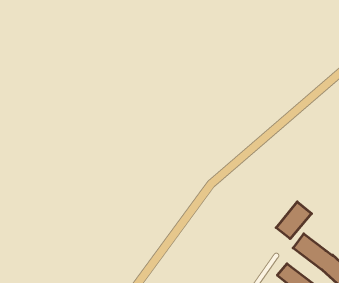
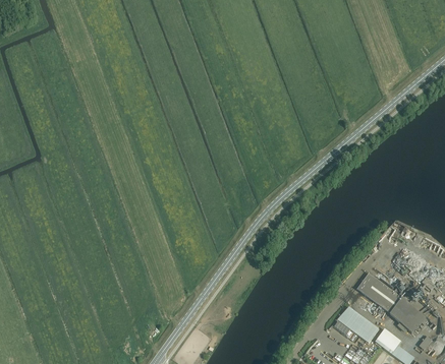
building: [276,202,312,239] -> none

